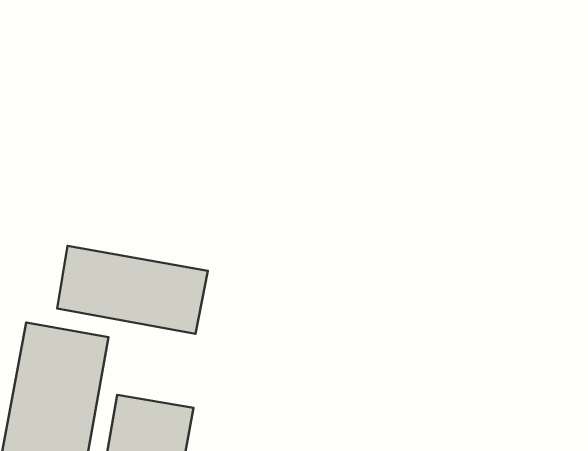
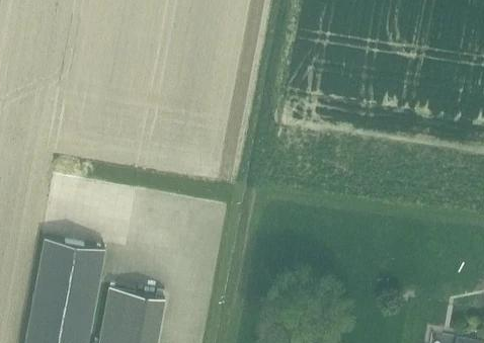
building: [57,246,208,334] -> none

